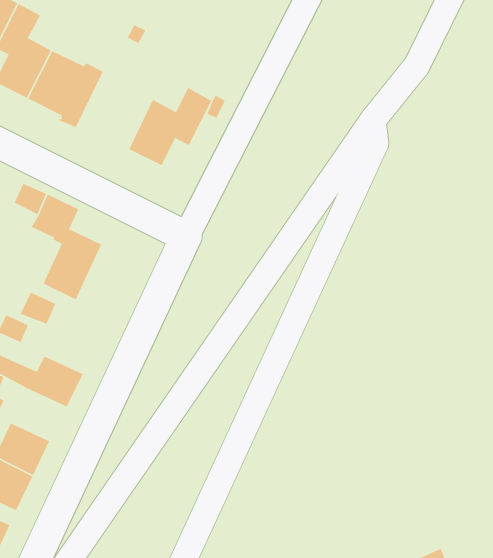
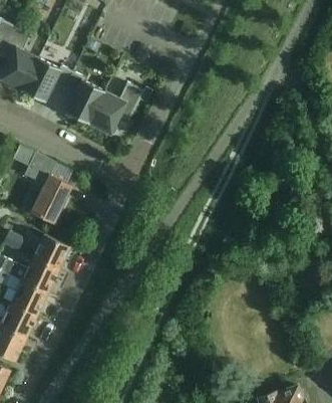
building: none -> [54,71,104,123]
building: none -> [33,234,70,270]
building: none -> [11,280,48,315]

